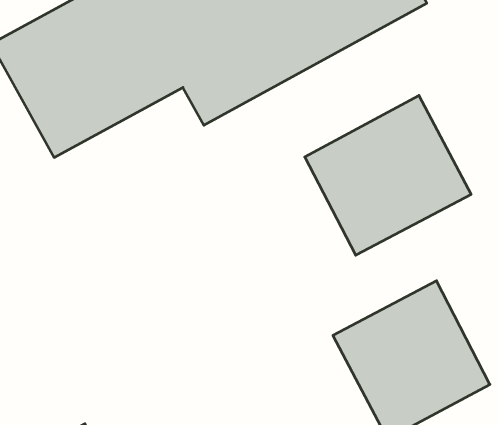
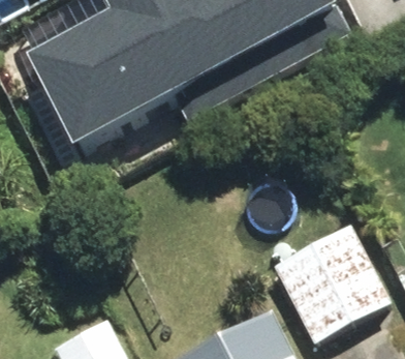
building: [305,95,471,255] -> none

